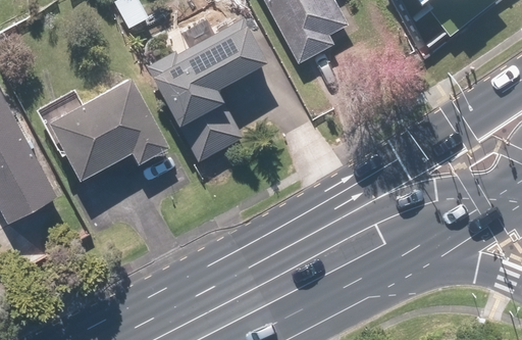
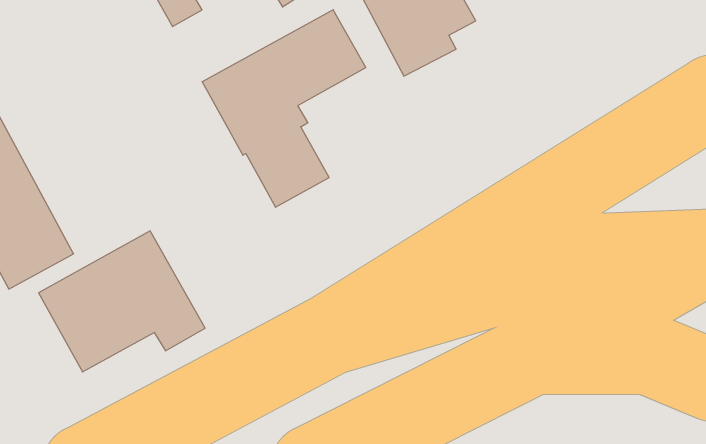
building: [50,76,170,178] -> [39,231,205,372]

